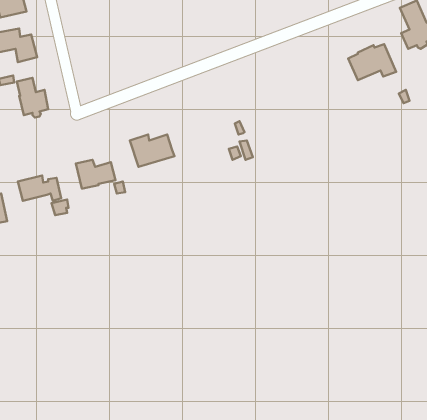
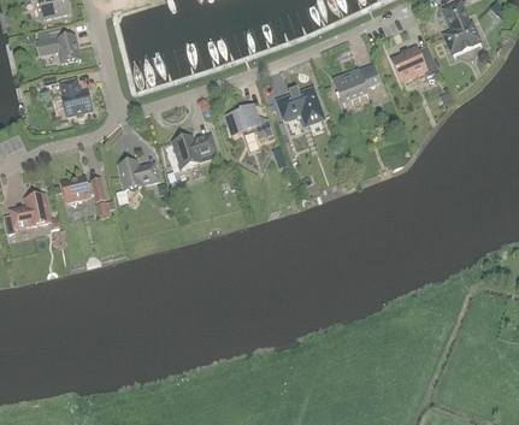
building: none -> [334,65,379,100]
building: none -> [278,88,323,123]
building: none -> [226,104,273,138]

